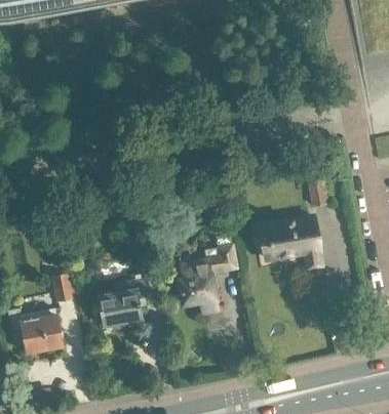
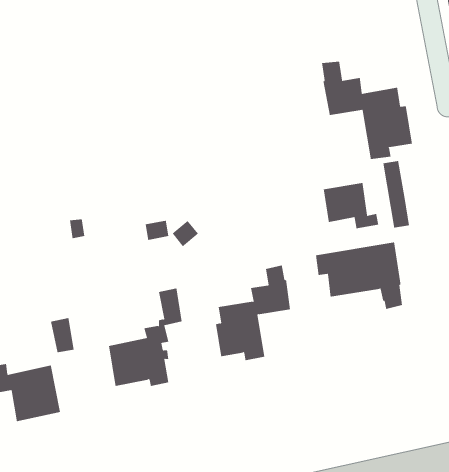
building: none -> [321,61,413,160]
building: none -> [323,182,379,229]

